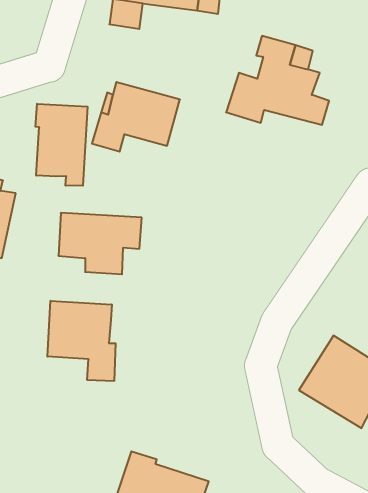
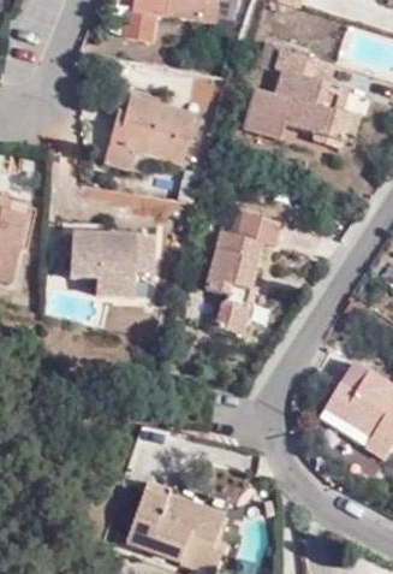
building: [35,104,87,186] -> none
building: none -> [204,212,281,335]
building: [47,301,116,381] -> none

